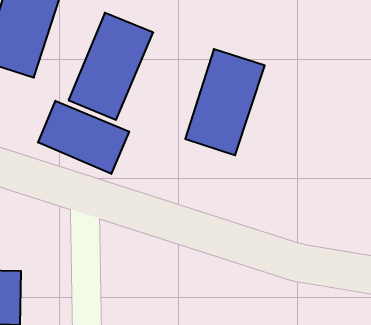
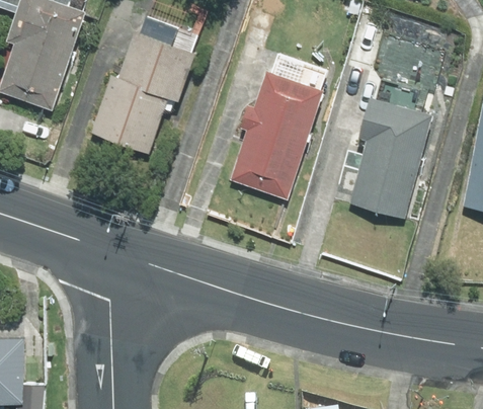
building: none -> [343,102,432,224]
building: [38,101,129,174] -> none

